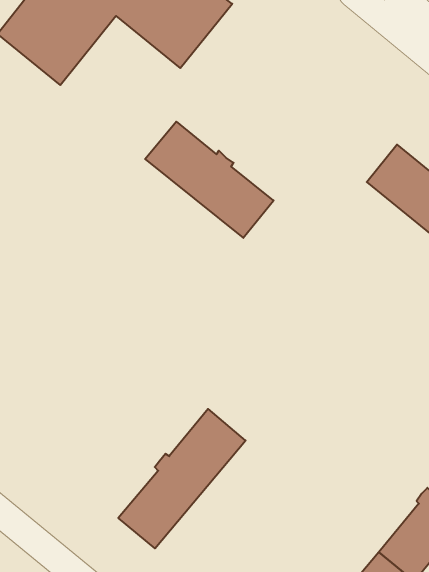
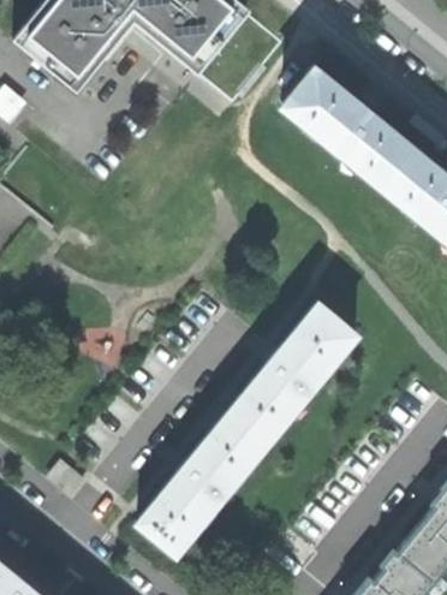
building: [145,122,274,238] -> [287,72,415,188]
building: none -> [227,304,353,444]

